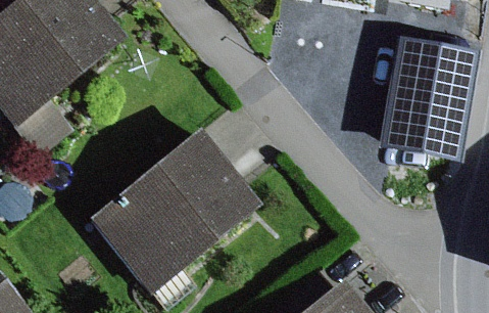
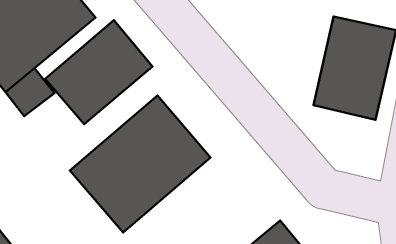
building: none -> [45,20,152,124]

